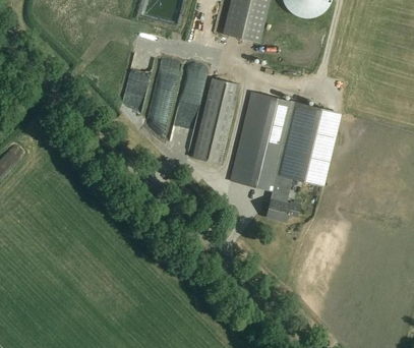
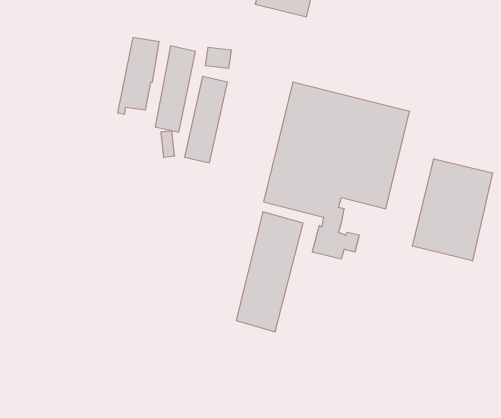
building: [191,77,240,165] -> [236,212,303,332]
building: none -> [412,159,493,261]

